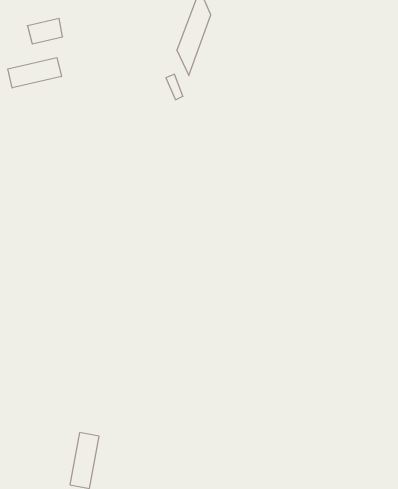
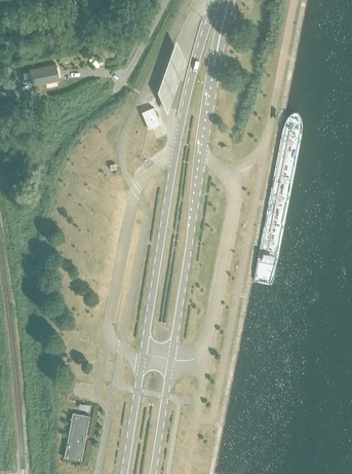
building: [8,58,61,88] -> none

